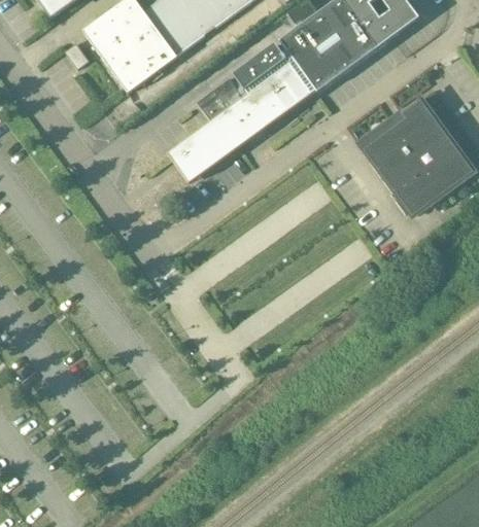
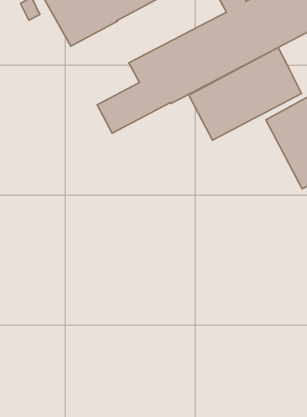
building: none -> [189,48,301,140]

